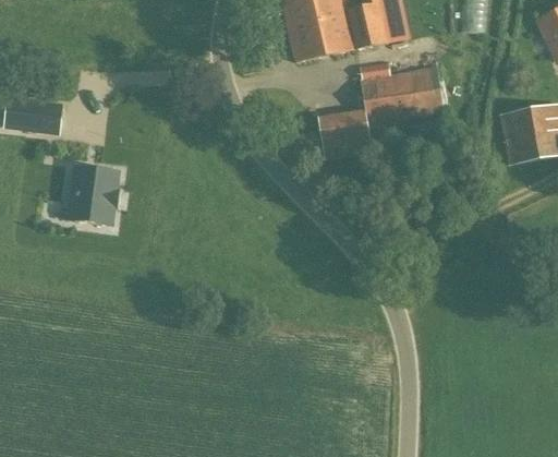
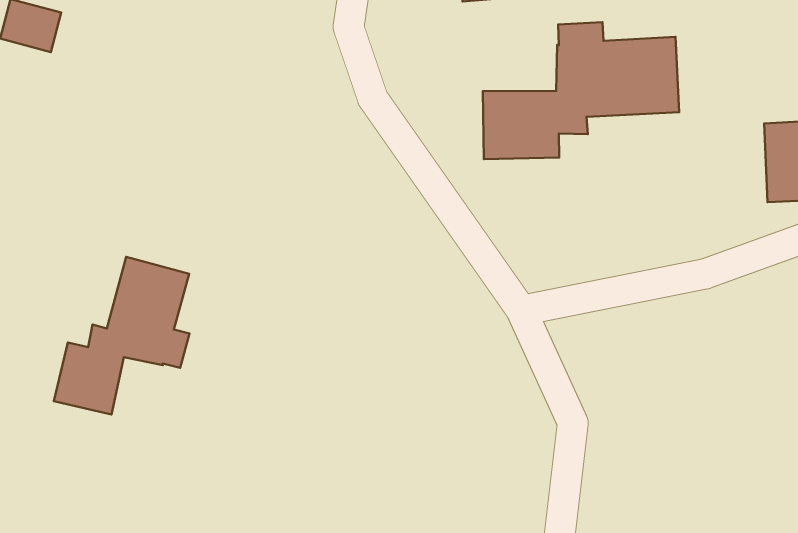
building: [69,166,119,225] -> none
building: none -> [54,257,190,415]

